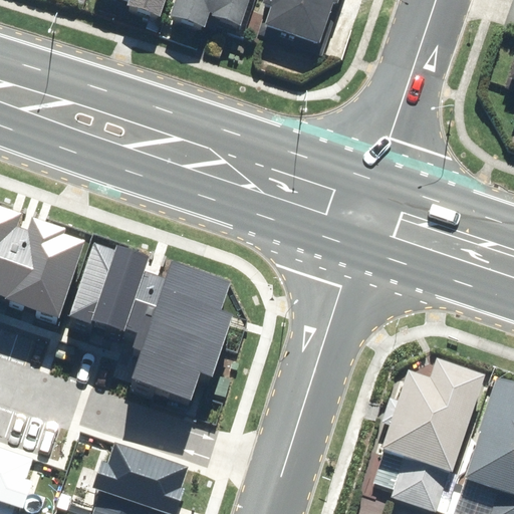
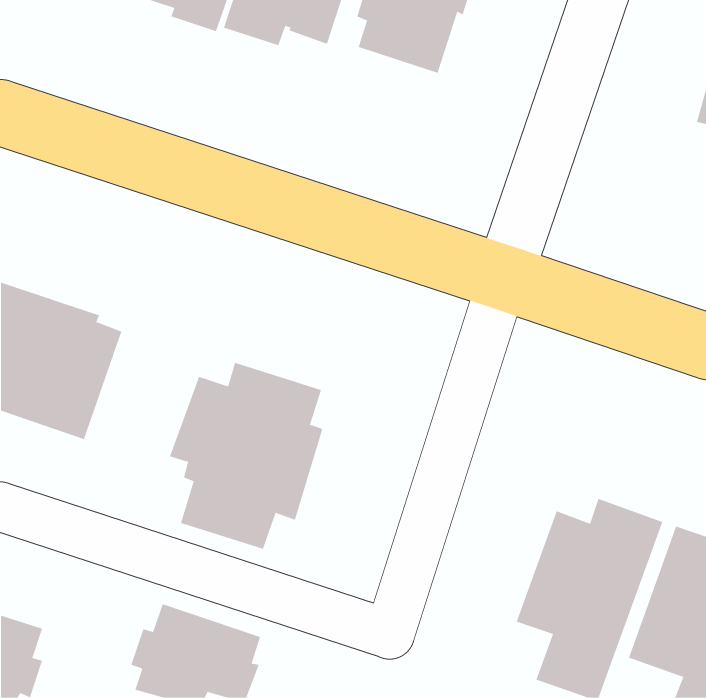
building: [63,240,150,338] -> none

